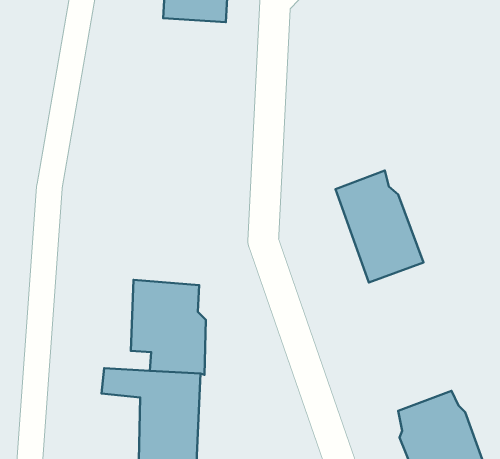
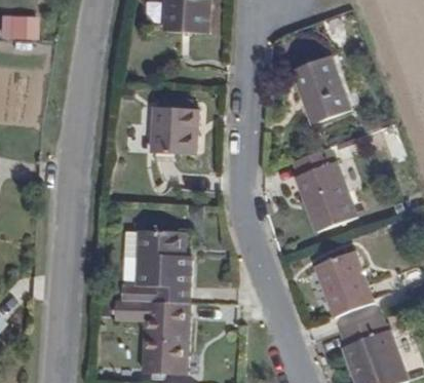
building: none -> [290,53,353,125]
building: none -> [146,103,199,155]
building: none -> [316,246,379,317]

